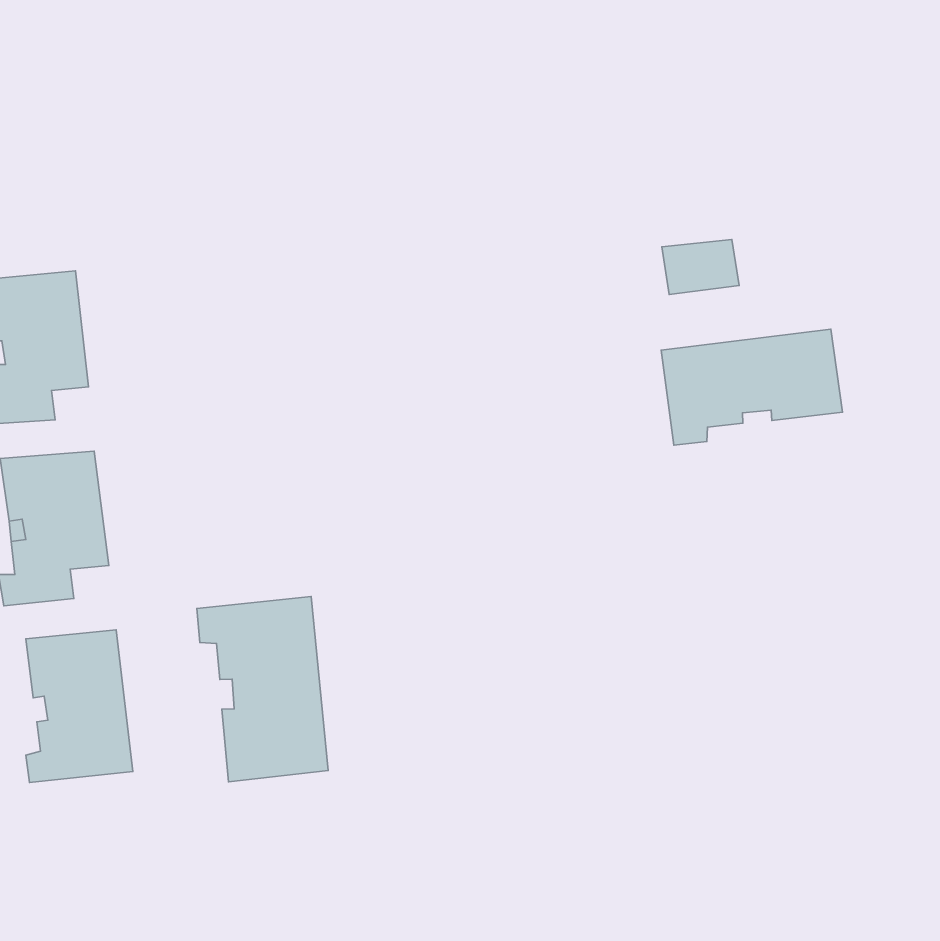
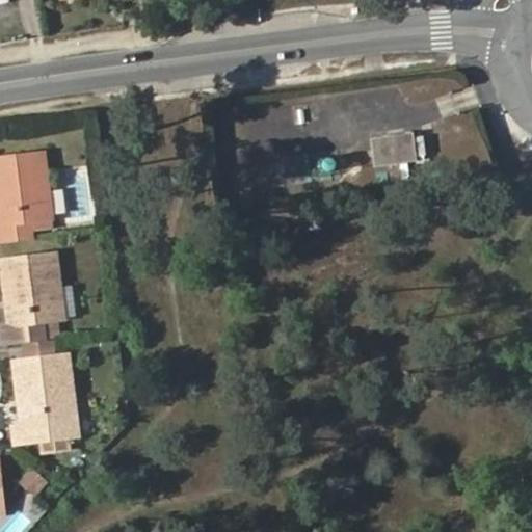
building: [661,329,842,445] -> none
building: [197,596,328,782] -> none

